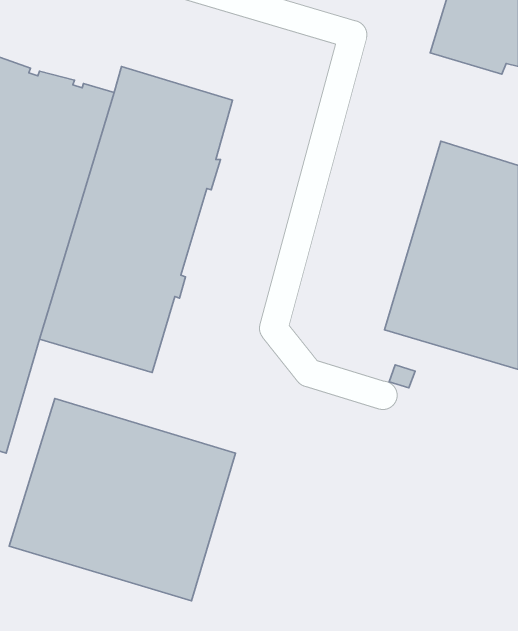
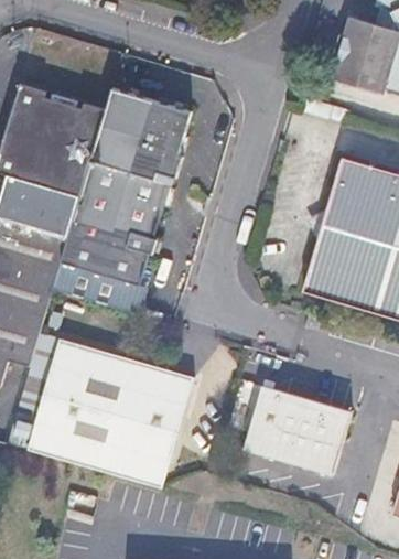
building: none -> [244,383,354,474]

